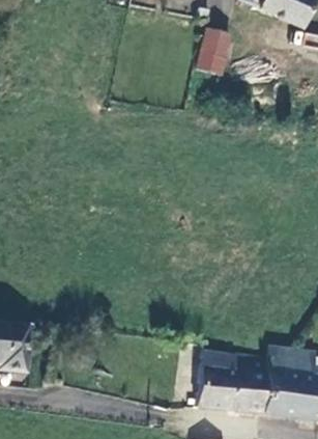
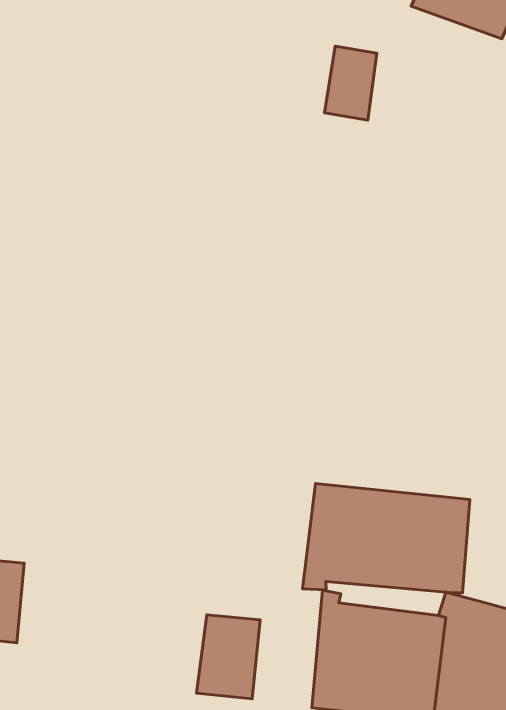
building: none -> [303,483,470,593]
building: none -> [197,615,260,699]

